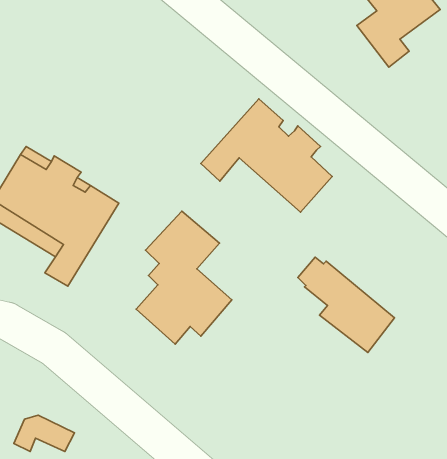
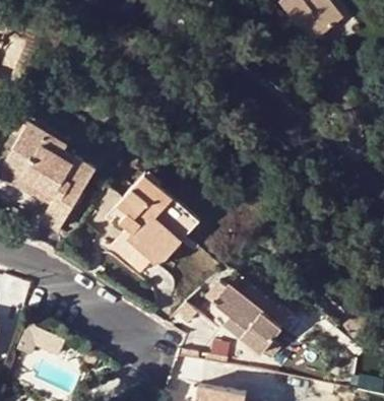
building: [201,99,332,212] -> none
building: none -> [155,198,199,241]
building: [298,257,395,353] -> [207,281,280,353]

